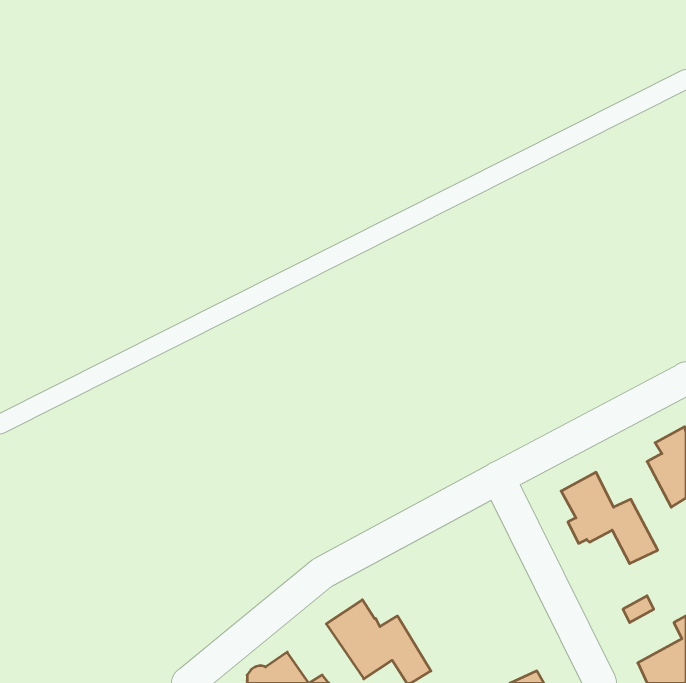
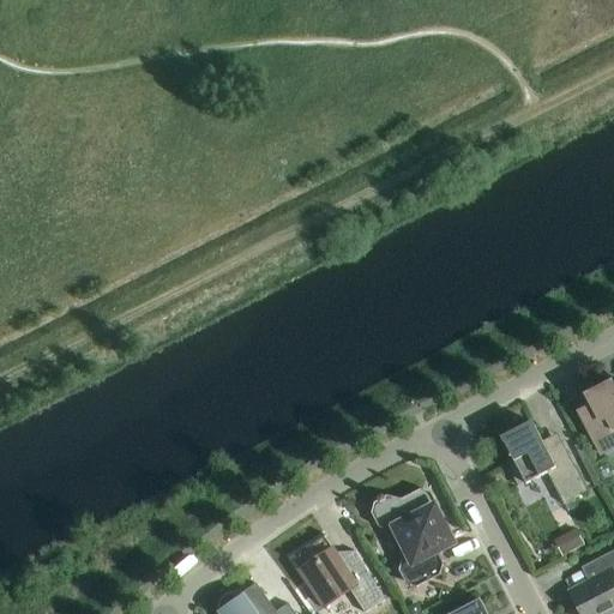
building: none -> [374,494,449,584]

